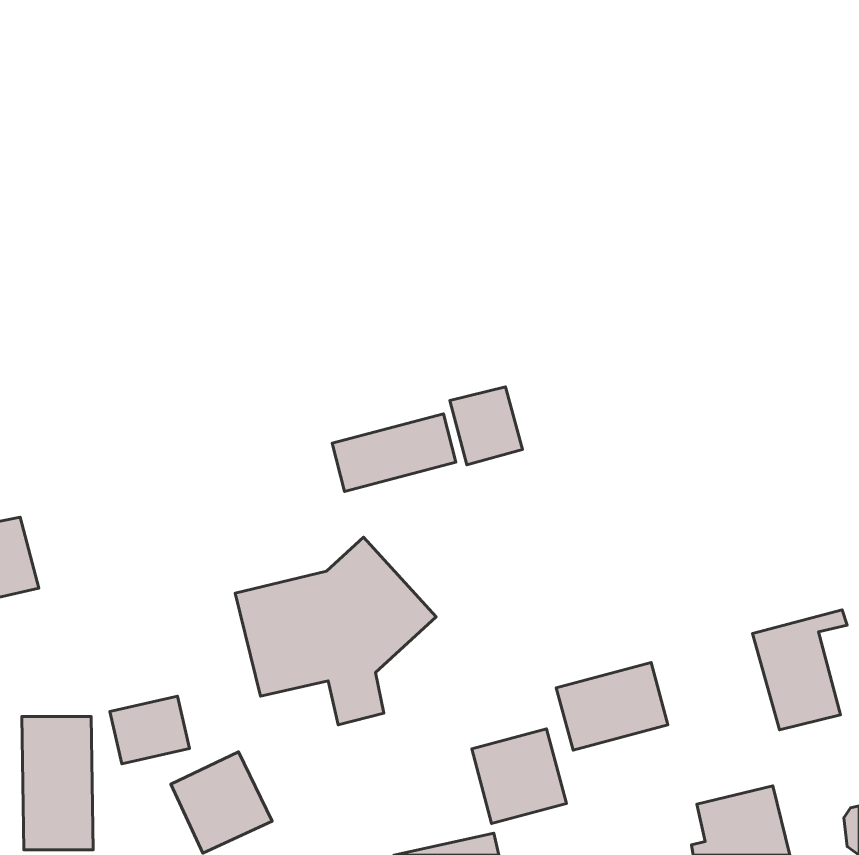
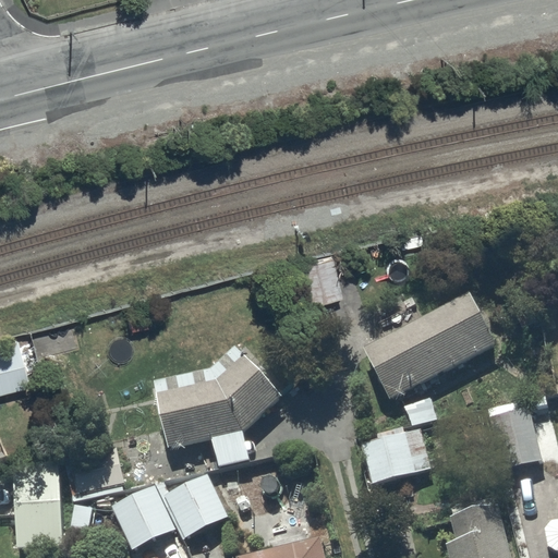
building: [332,414,456,491] -> none
building: none -> [361,292,497,401]
building: [472,729,566,823] -> none
building: none -> [162,474,228,538]

